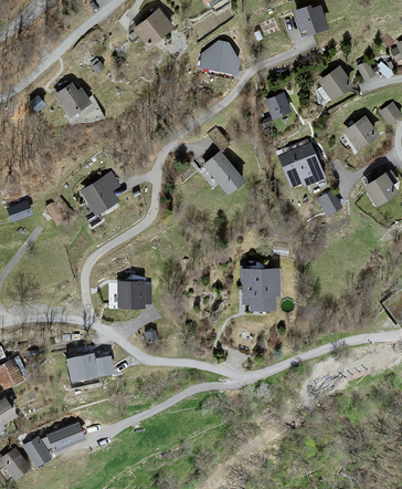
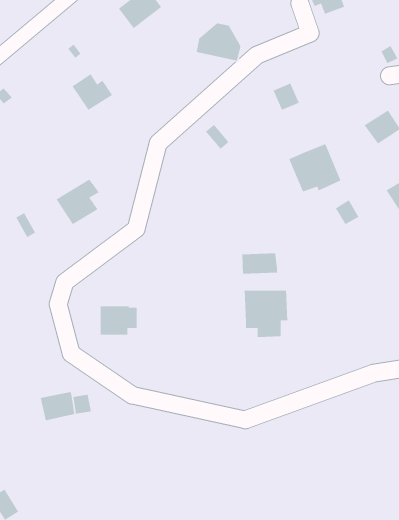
building: [317,64,350,96] -> none
building: [54,84,89,116] -> [71,73,113,111]
building: [203,153,243,194] -> none
building: none -> [242,253,278,275]
building: [49,423,84,450] -> none

